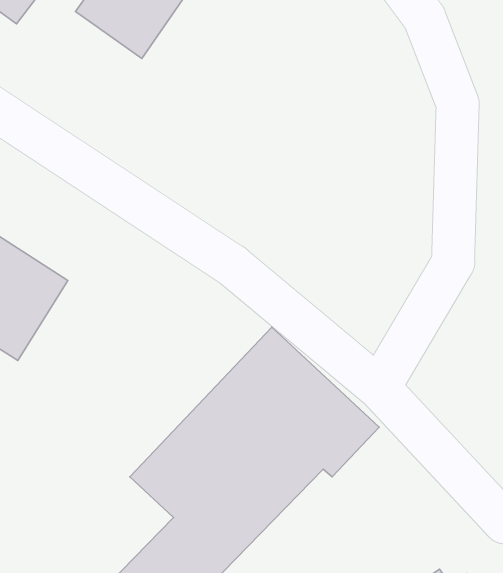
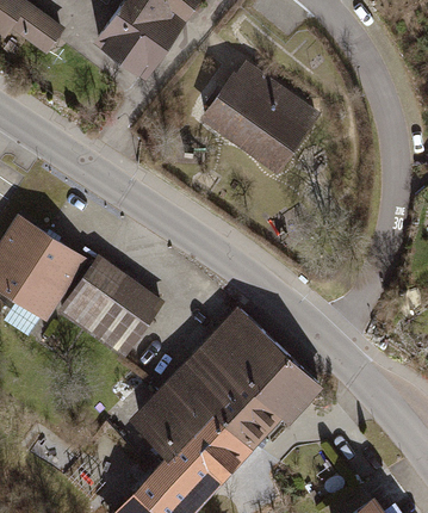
building: none -> [206,60,316,165]
building: none -> [60,255,163,356]

